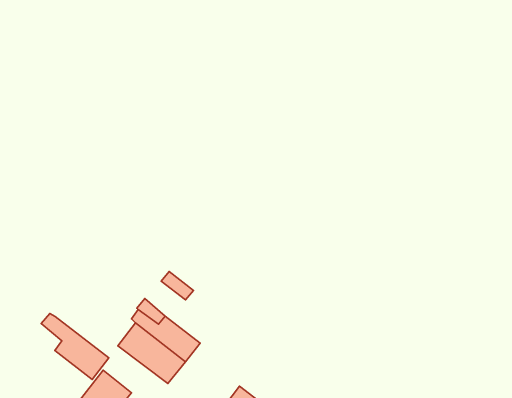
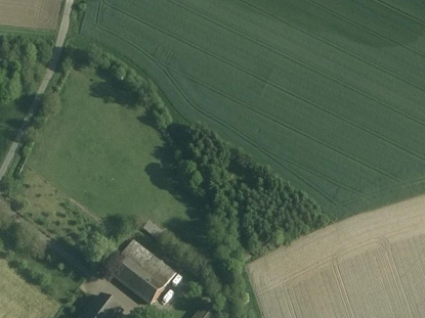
building: [41,314,109,380] -> none

